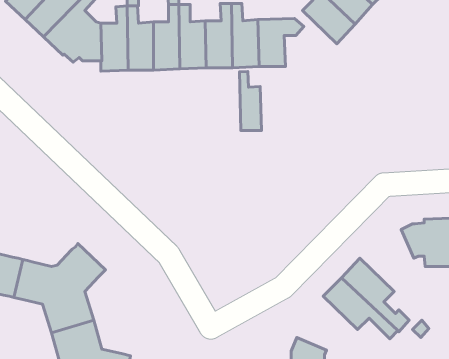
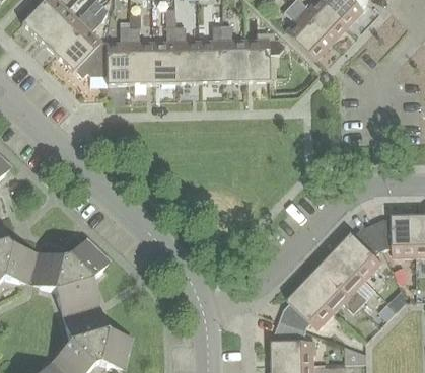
building: [240,71,262,131] -> none
building: none -> [336,224,383,279]
building: none -> [280,283,334,330]

